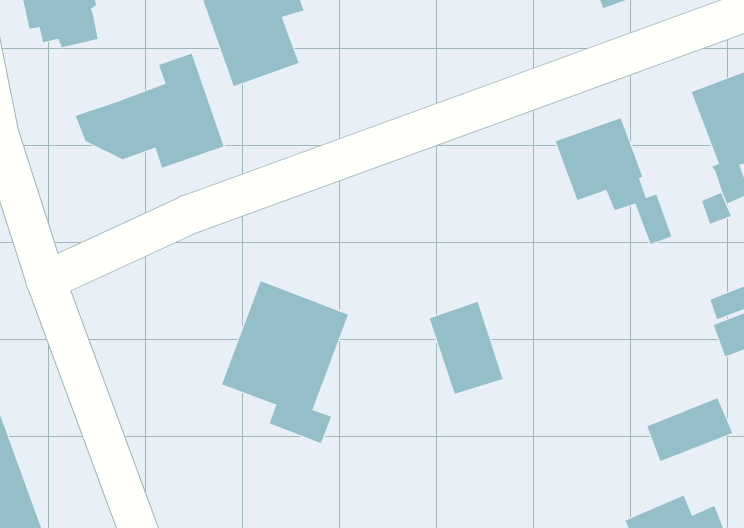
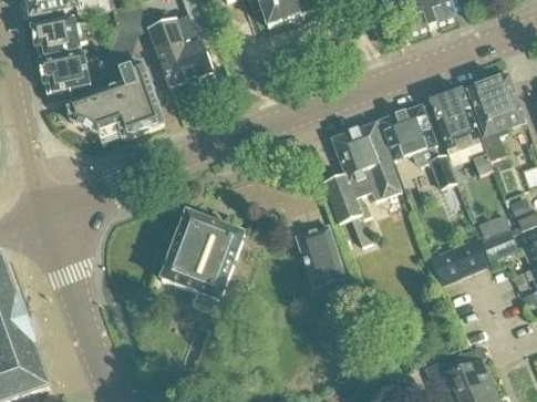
building: none -> [39,52,92,97]
building: none -> [430,87,482,157]
building: none -> [322,120,400,244]
building: [646,397,733,462] -> [432,239,488,281]

